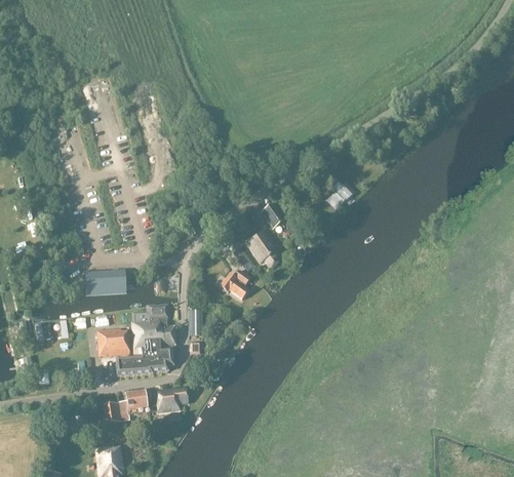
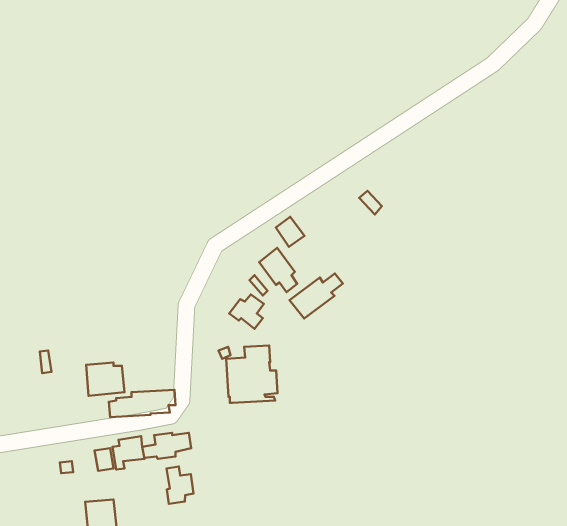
building: none -> [290,274,343,319]
building: [86,270,125,293] -> none
building: [130,304,174,353] -> [226,346,277,403]
building: none -> [167,467,193,504]

